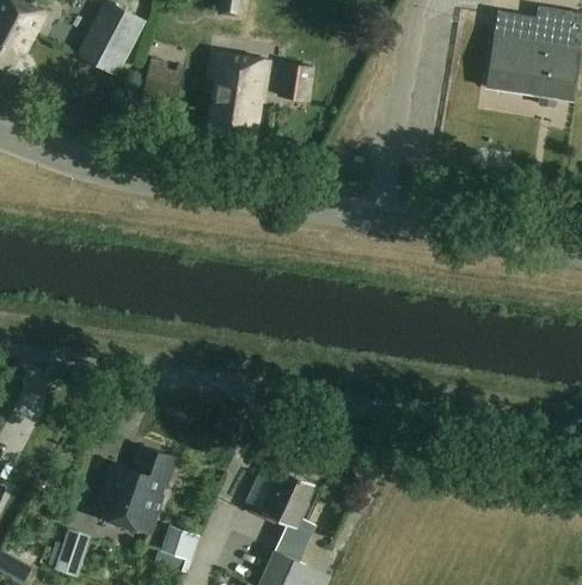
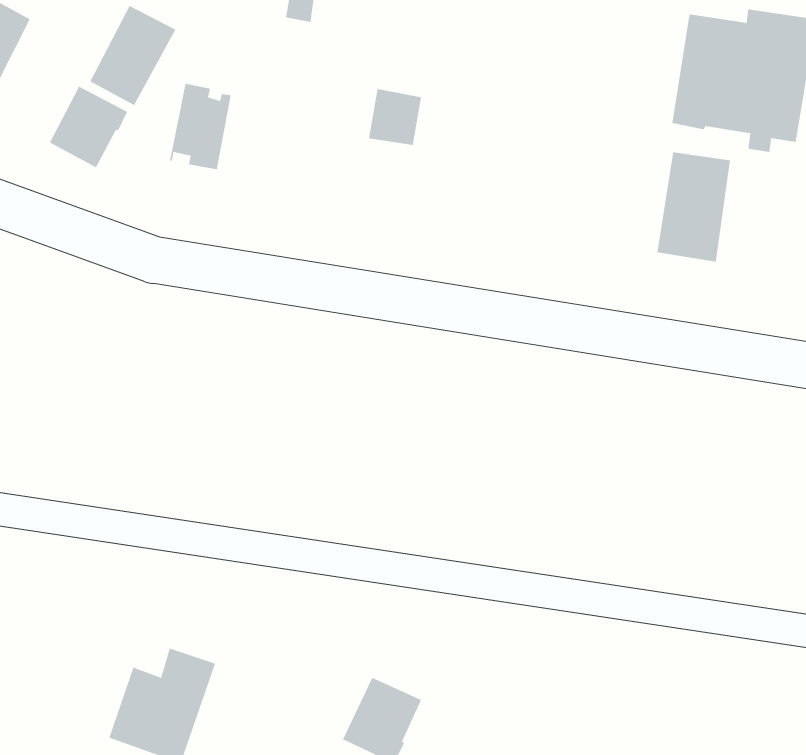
building: [208,51,269,134] -> none
building: none -> [49,86,128,168]
building: none -> [657,151,731,263]

